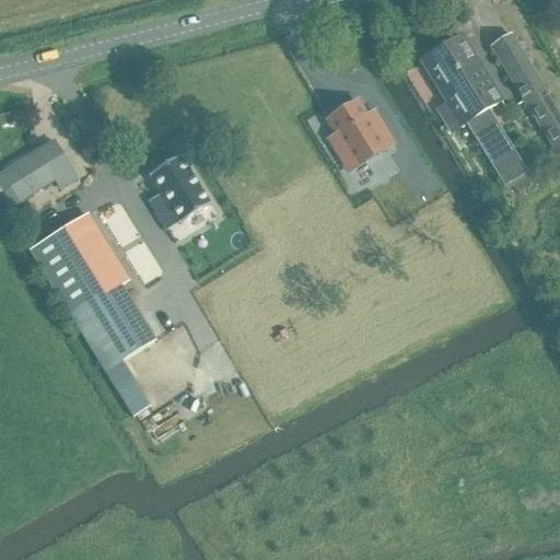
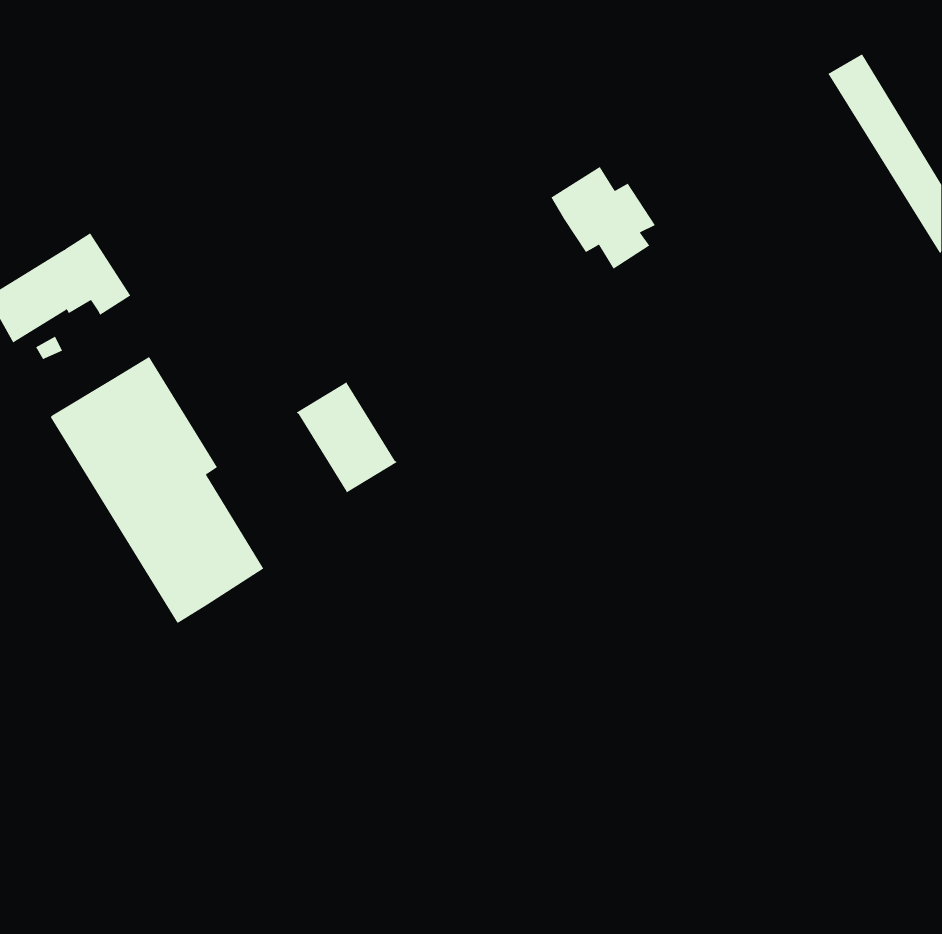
building: [422,34,526,182] -> none
building: [149,154,209,221] -> [296,381,397,494]
building: [105,359,149,413] -> none

